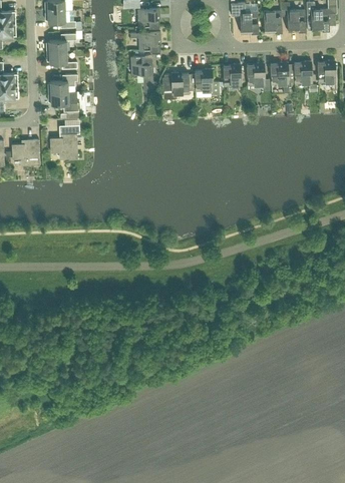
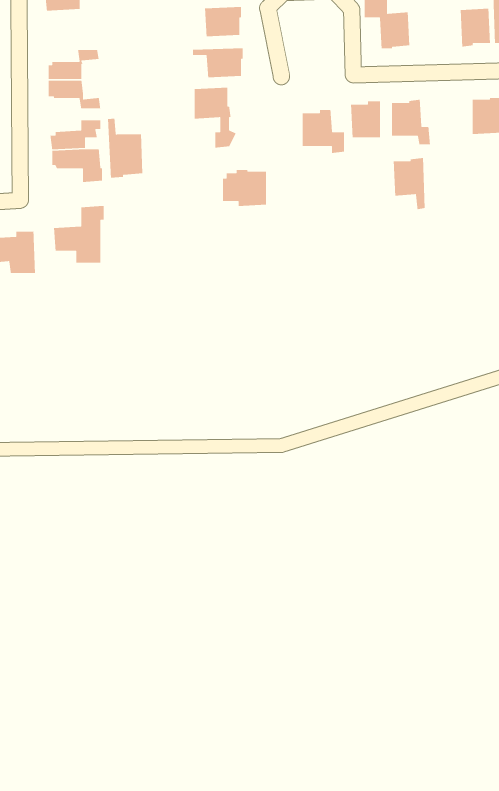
building: [45,11,75,28] -> none
building: [263,11,282,33] -> none
building: [270,62,289,93] -> [393,157,425,210]
building: [162,73,189,95] -> [222,169,267,207]
building: none -> [107,118,143,179]

